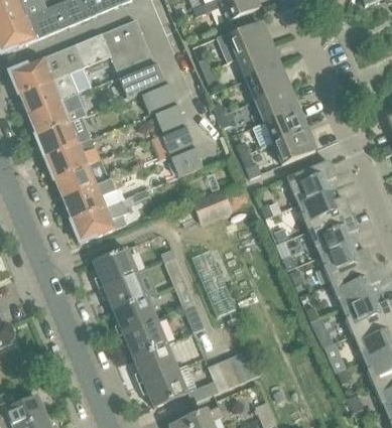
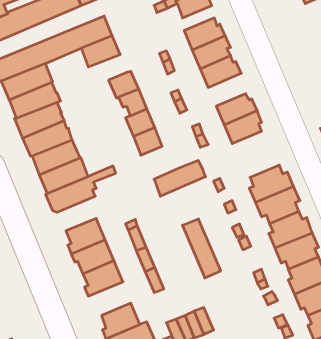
building: [118,62,162,98] -> none
building: [254,84,296,121] -> none
building: [285,159,336,201] -> none
building: [191,250,235,316] -> [182,219,221,278]
building: [118,317,171,358] -> none

